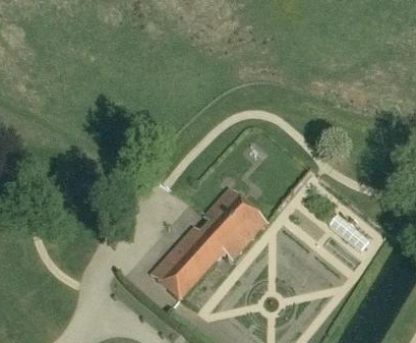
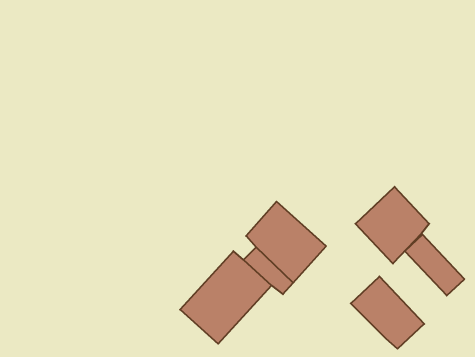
building: none -> [355,187,429,264]
building: none -> [351,276,424,349]

